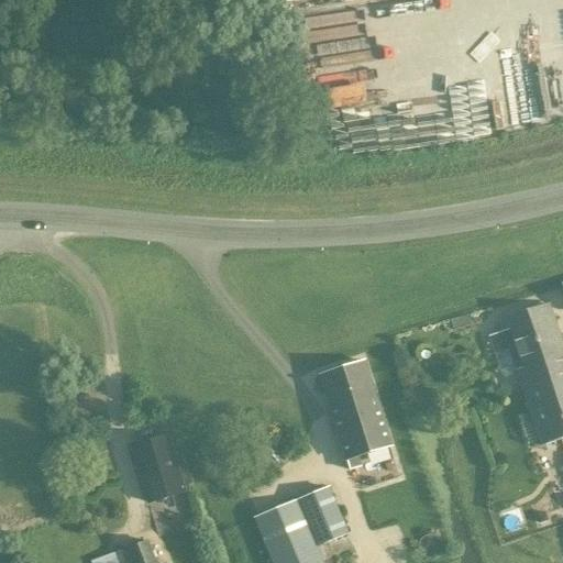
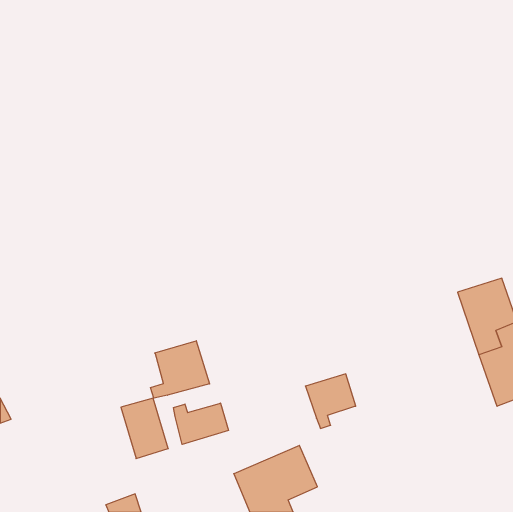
building: [321,360,379,421] -> none
building: none -> [150,341,210,398]
building: none -> [173,403,228,444]

